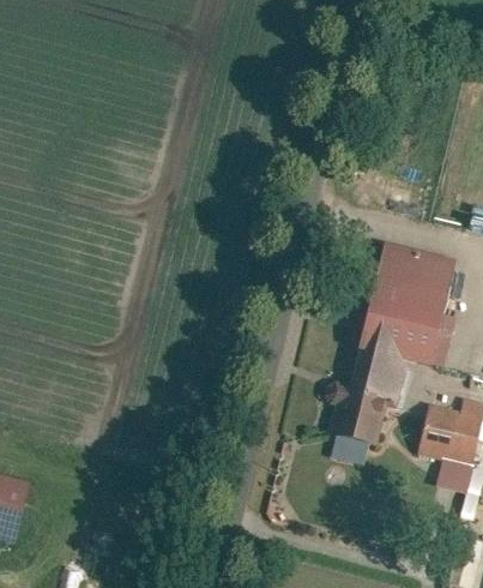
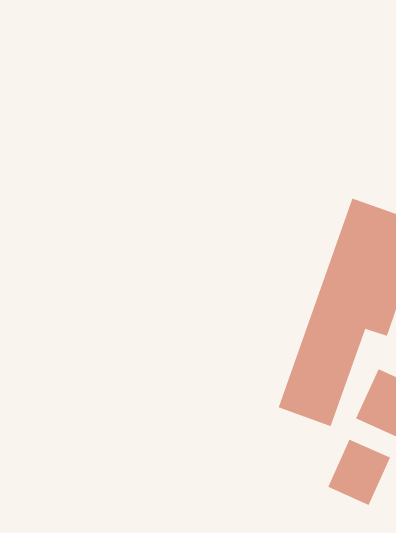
building: none -> [327,439,391,506]

